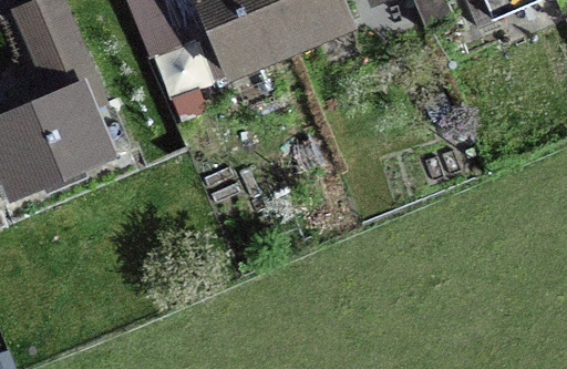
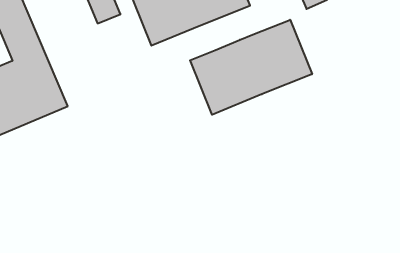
building: none -> [190,20,312,115]

